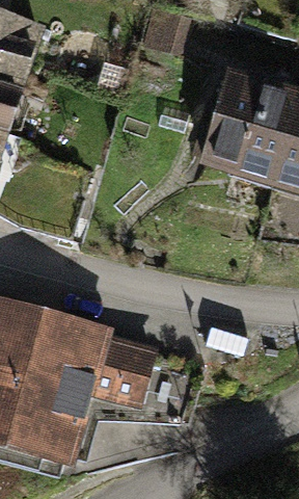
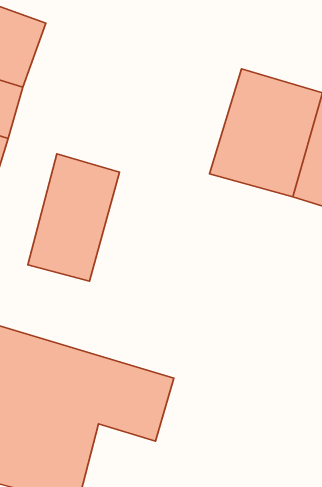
building: none -> [28,154,119,281]

